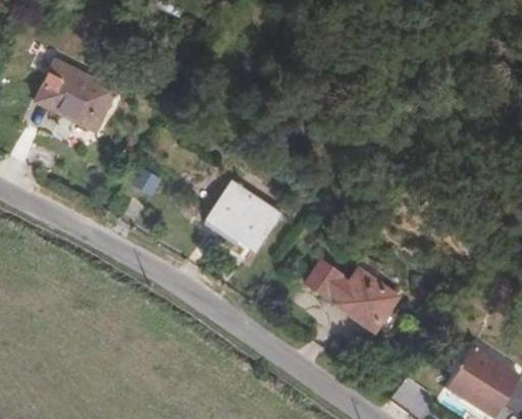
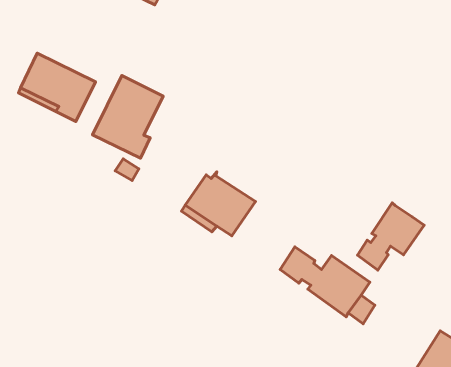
building: none -> [93,76,163,158]
building: none -> [357,203,424,270]

